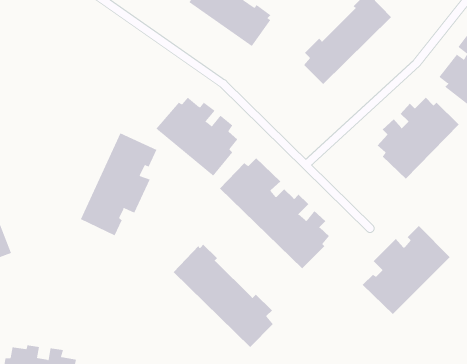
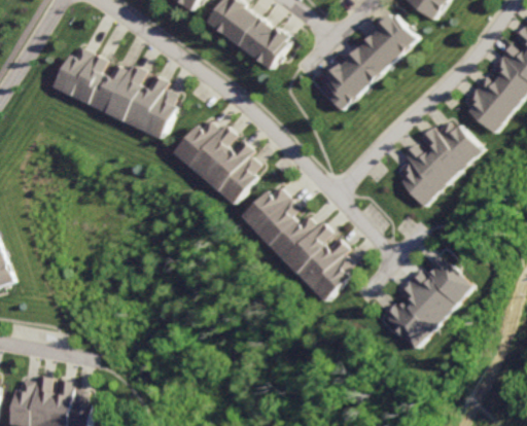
building: none -> [51,45,171,136]
building: [80,133,157,236] -> none
building: [173,244,274,348] -> none

